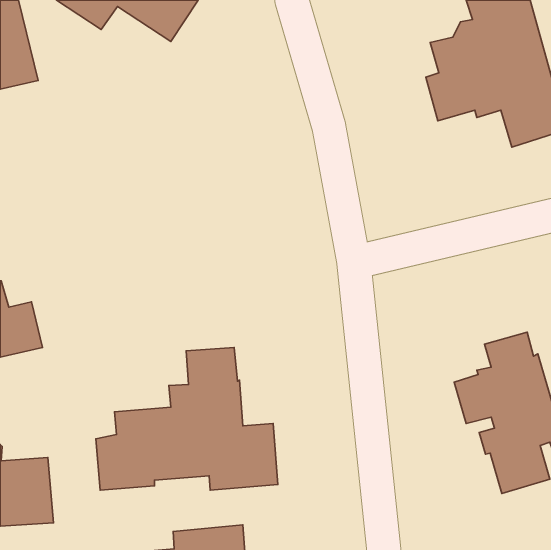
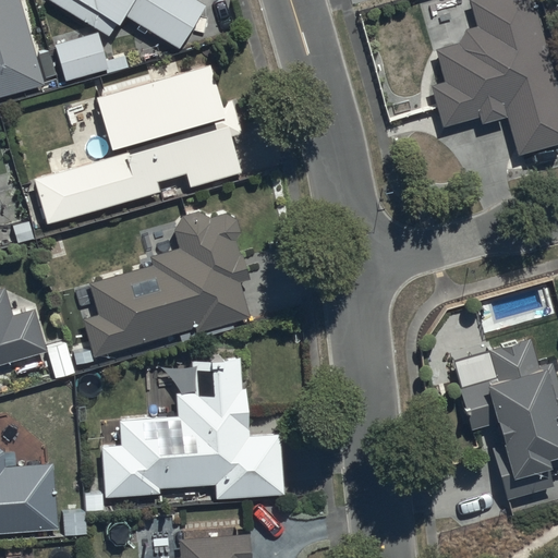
building: none -> [54,31,108,81]
building: none -> [34,63,242,225]
building: none -> [78,211,252,356]

